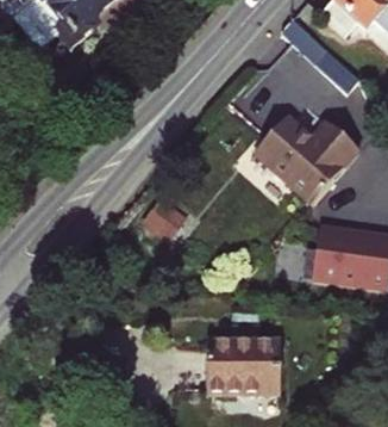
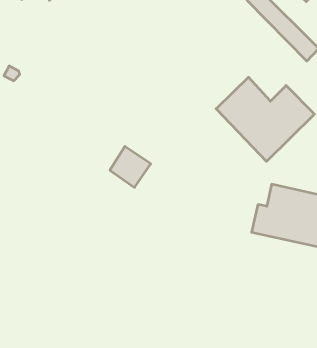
building: [206,339,280,394] -> none

